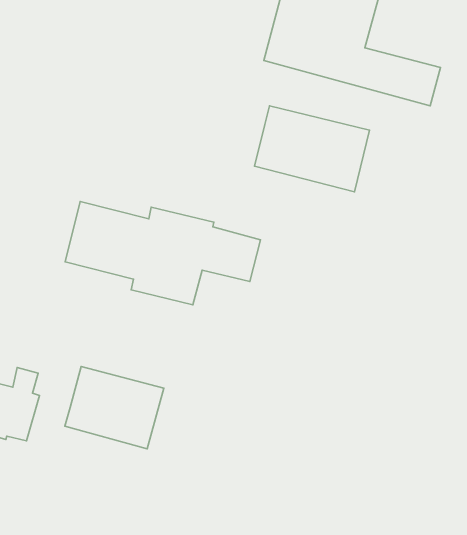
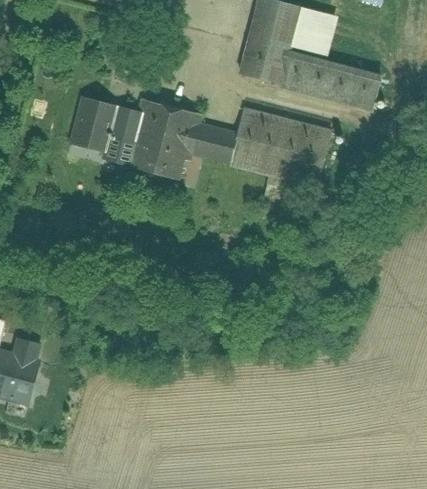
building: [65,201,260,305] -> [69,94,237,183]
building: [65,366,164,449] -> none

